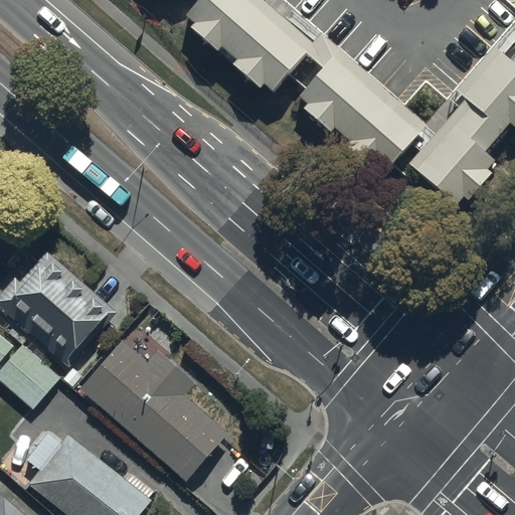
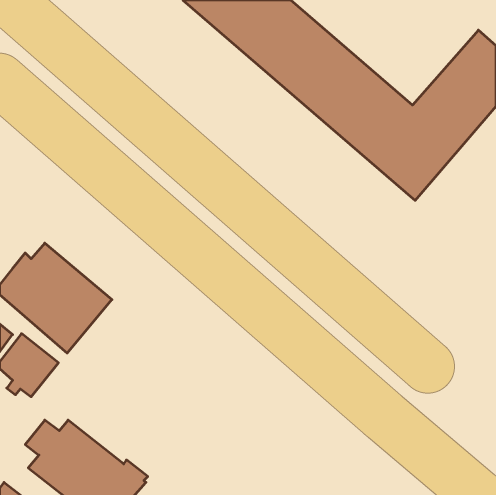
building: [79,342,228,484] -> none

